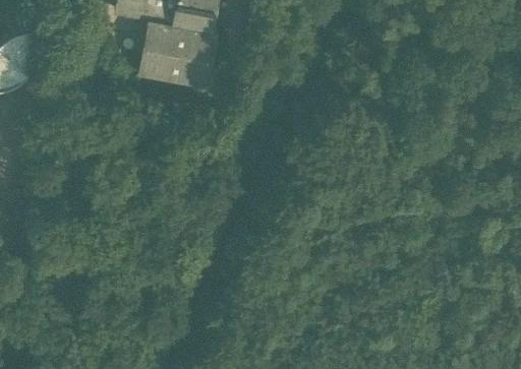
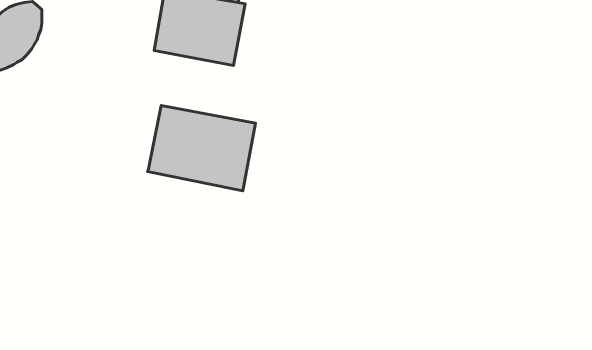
building: none -> [148,106,256,191]

